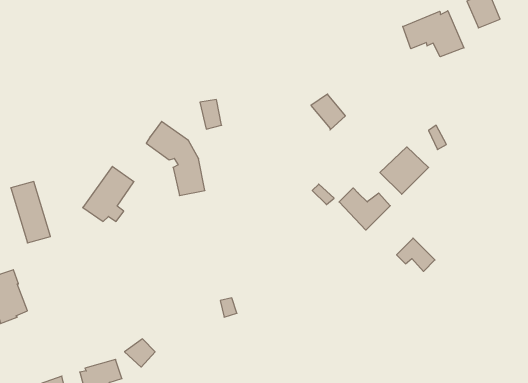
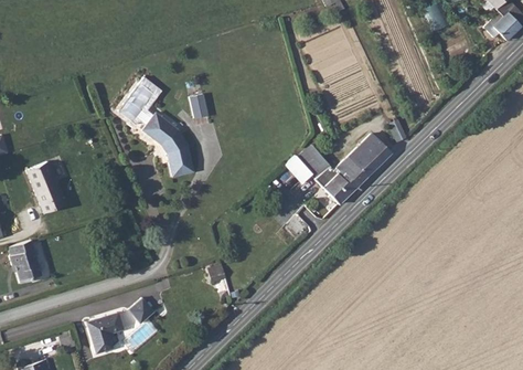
building: [403,11,464,57] -> none
building: [311,94,345,130] -> [293,148,323,179]
building: [83,166,134,221] -> [120,77,164,125]
building: [397,238,435,271] -> [333,156,366,184]

